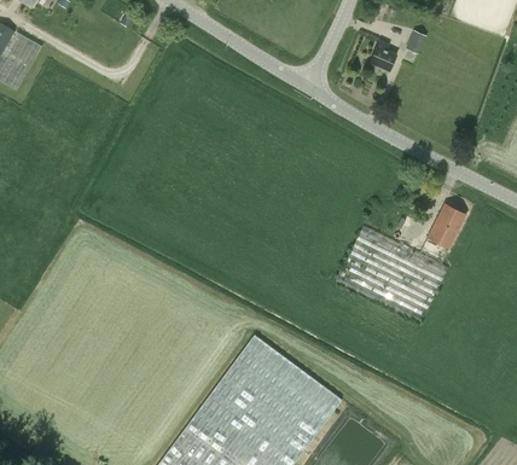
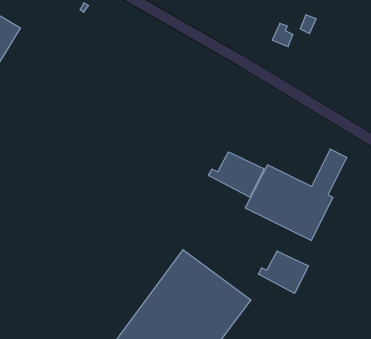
building: none -> [209,152,264,197]
building: none -> [258,251,308,293]

